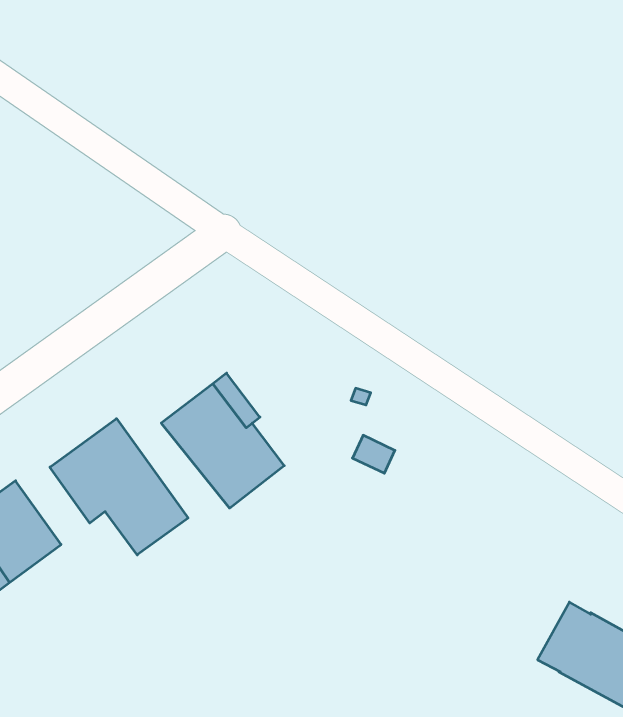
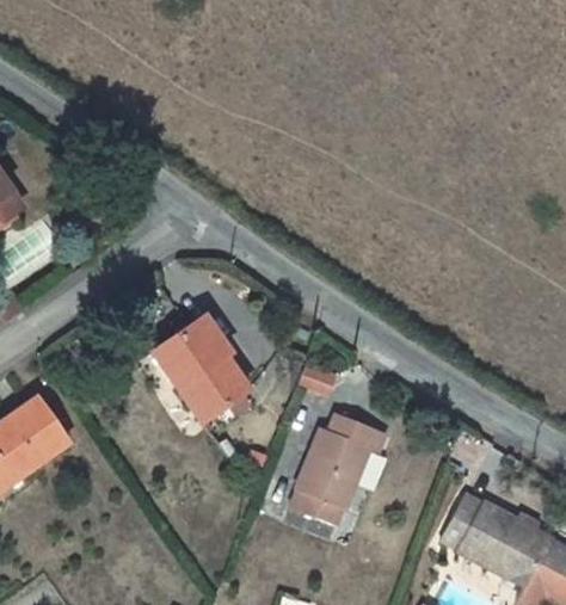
building: [50,419,188,555] -> none
building: none -> [289,412,386,525]

